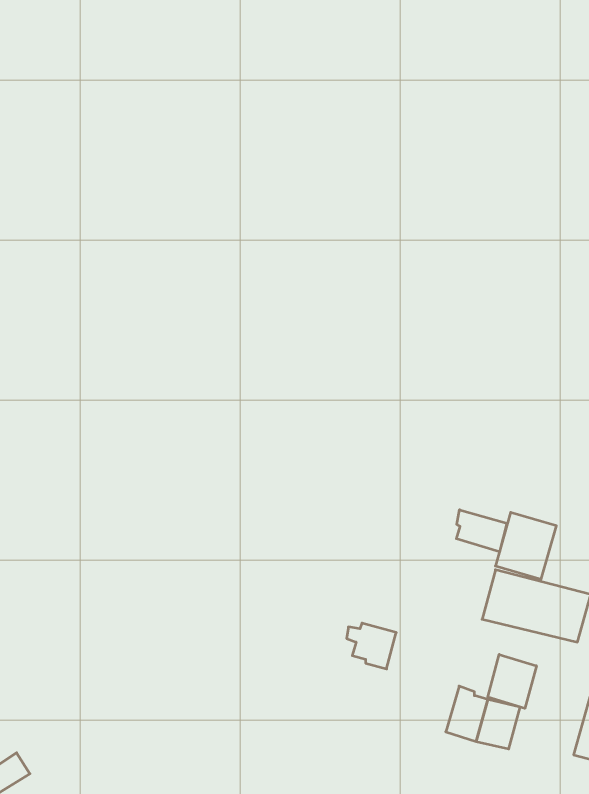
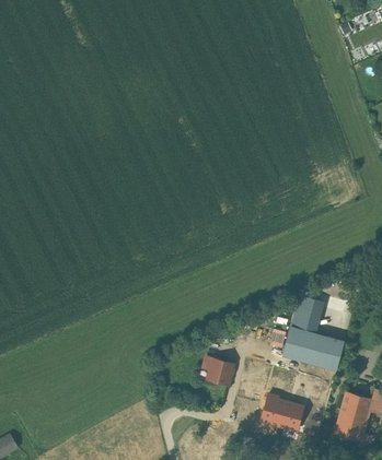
building: [456,510,507,552] -> none
building: [488,654,536,708] -> none

